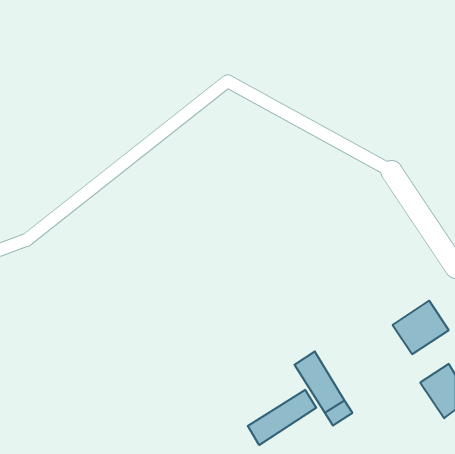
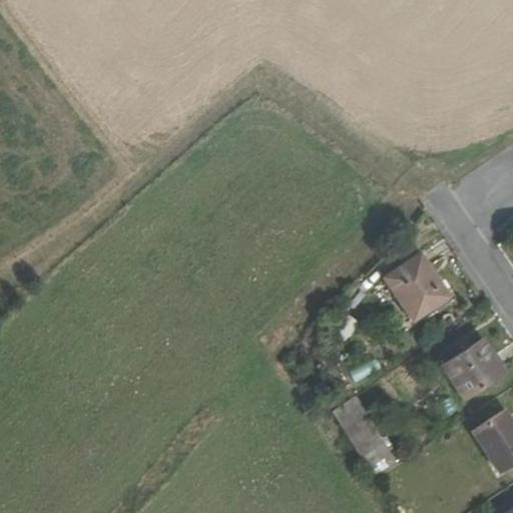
building: none -> [385,252,449,320]
building: [248,390,316,445] -> none

